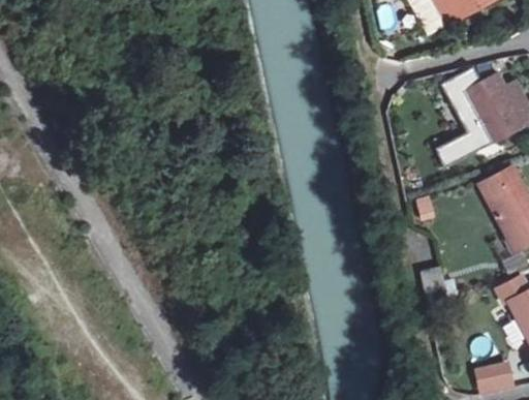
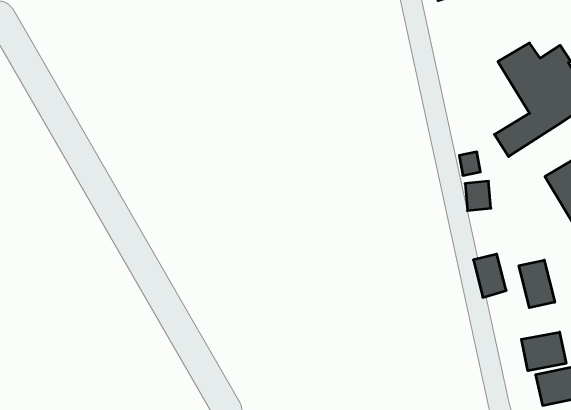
building: none -> [519,260,555,308]
building: none -> [521,332,566,371]

